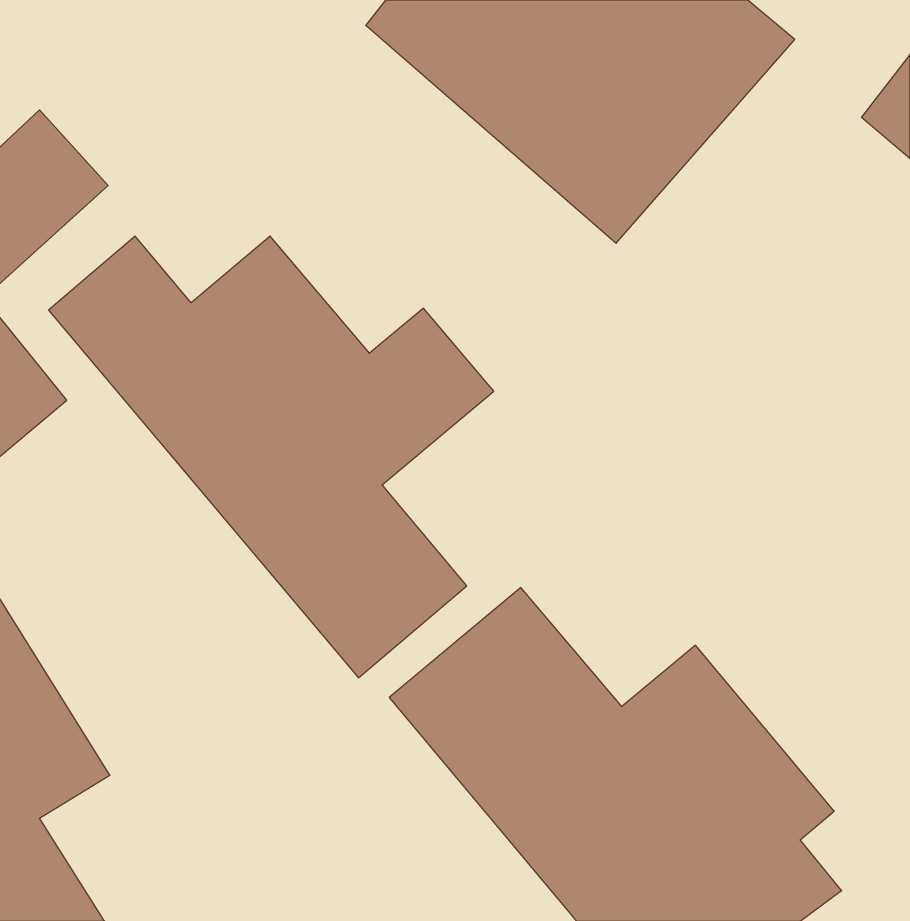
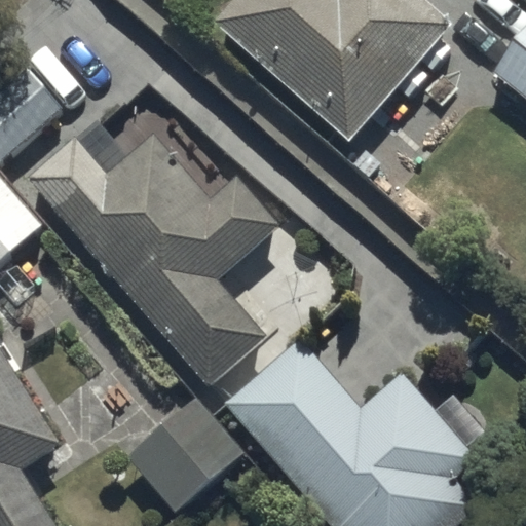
building: none -> [123,396,239,511]

